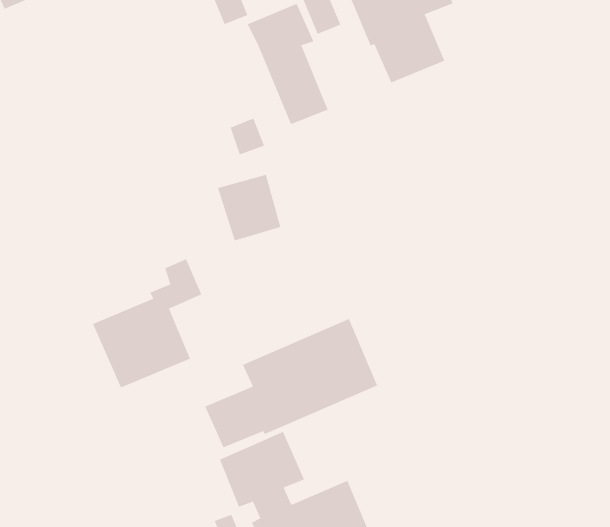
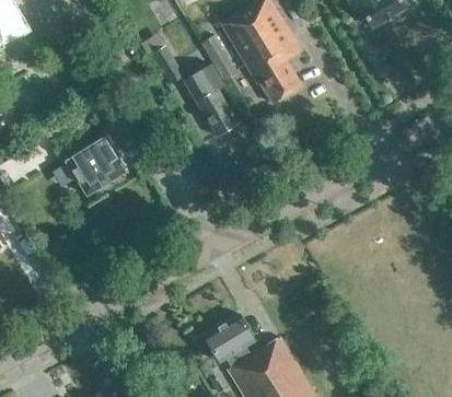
building: [92,258,202,388] -> [65,114,126,195]
building: [205,318,378,448] -> none

